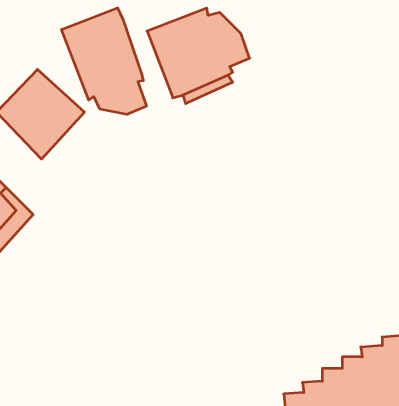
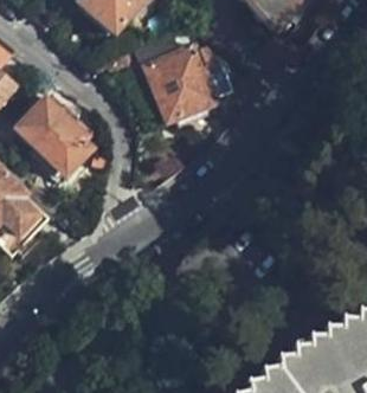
building: [62,8,146,114] -> none

